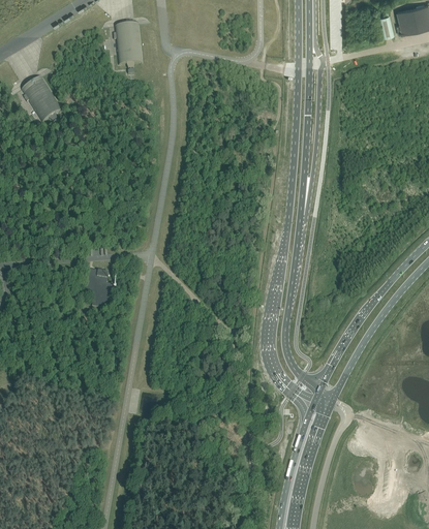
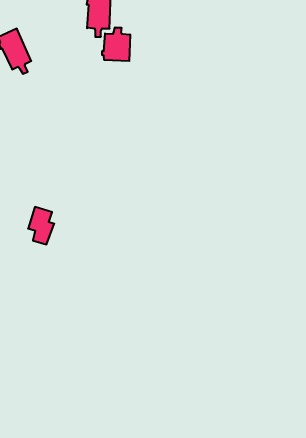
building: none -> [102,27,130,61]

